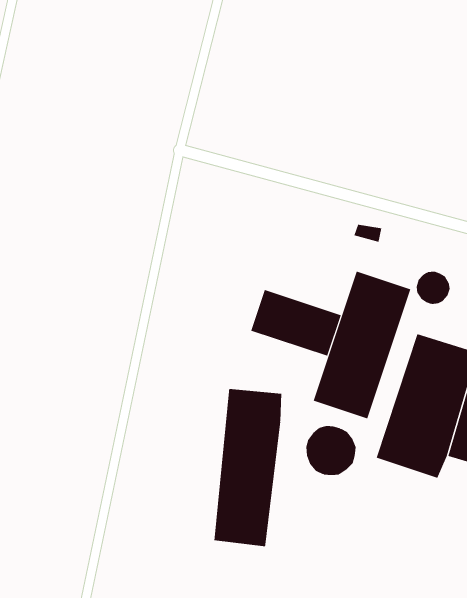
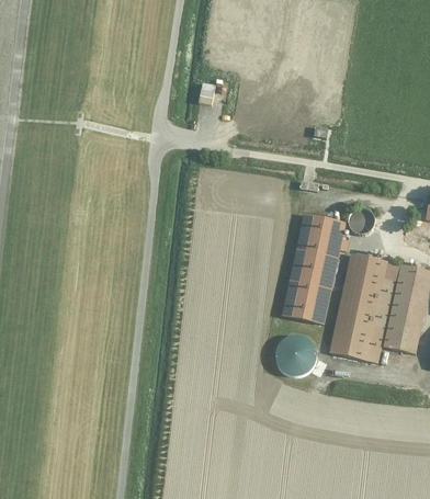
building: [251,289,341,357] -> none
building: [214,388,282,547] -> none

